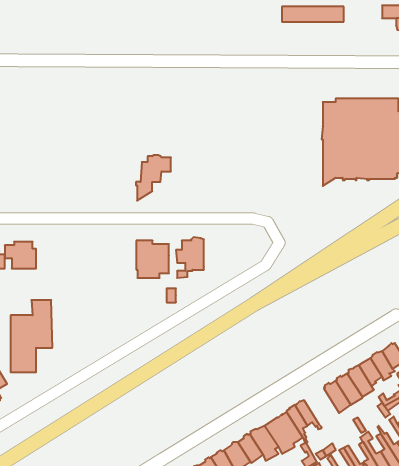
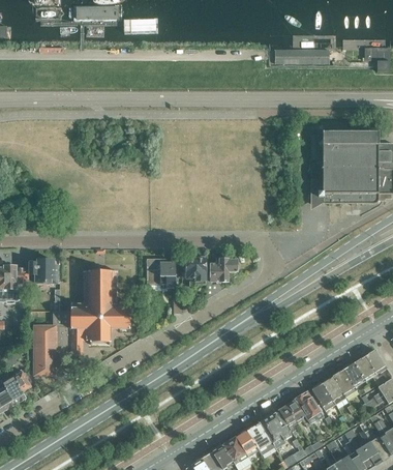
building: [136,155,171,201] -> [206,257,237,297]
building: none -> [70,269,131,355]
building: none -> [295,393,324,423]

